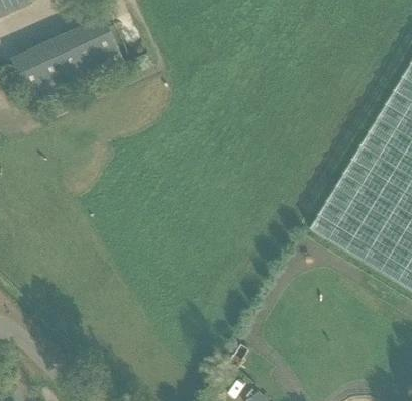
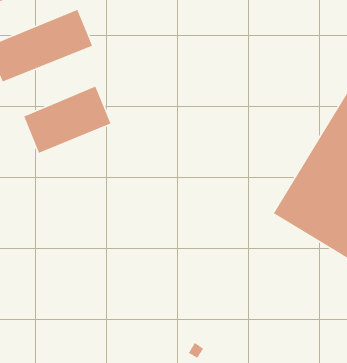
building: none -> [23,85,111,154]

